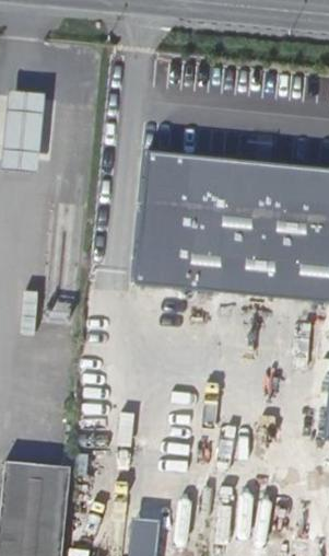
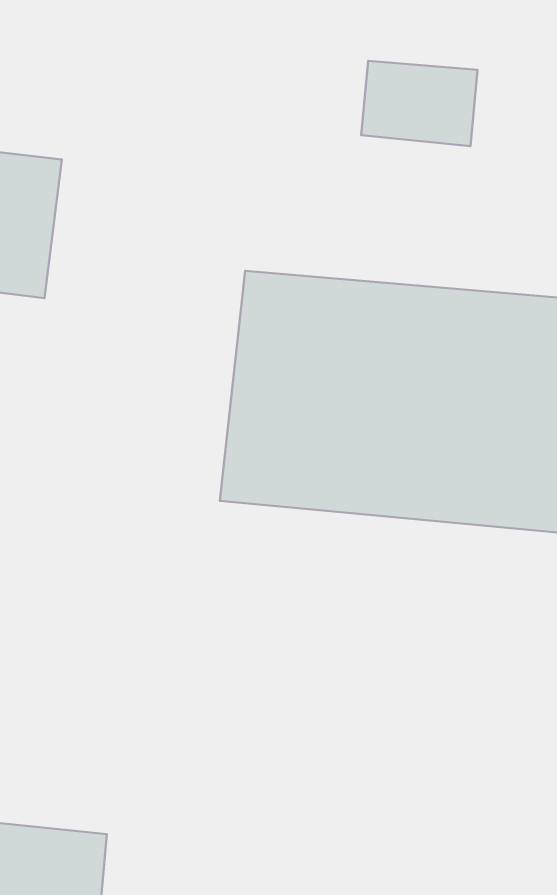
building: none -> [361,61,477,146]

